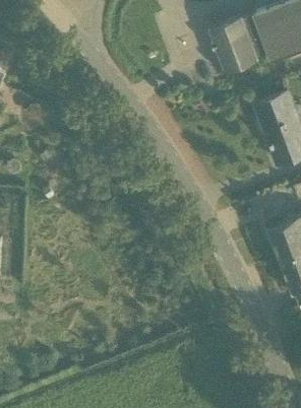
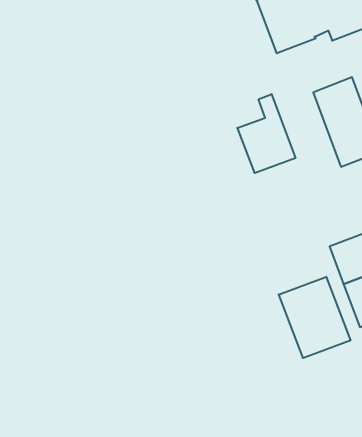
building: none -> [237,94,295,173]
building: none -> [279,277,350,358]

